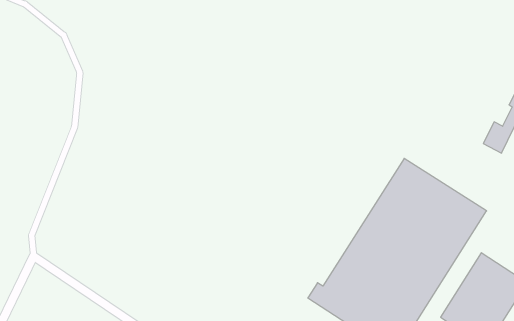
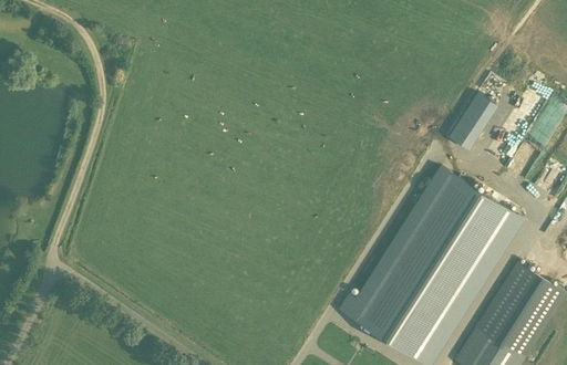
building: none -> [449,91,497,149]

